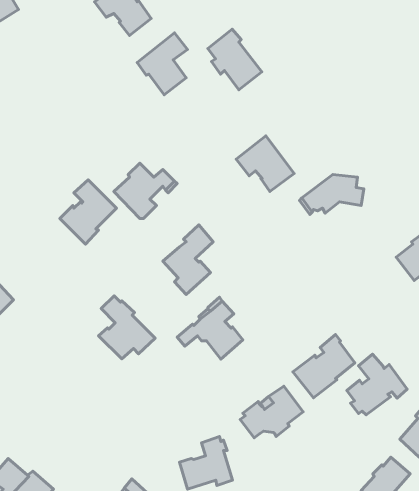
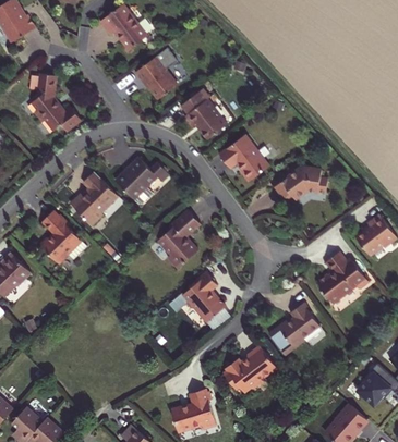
building: [208,29,262,90] -> [181,88,227,139]
building: none -> [32,73,81,131]
building: [99,296,155,359] -> [39,210,87,263]
building: [347,354,407,415] -> [316,251,367,303]

